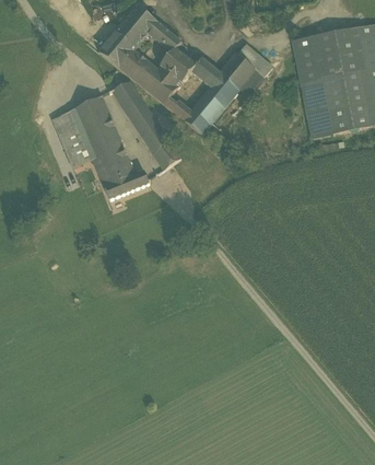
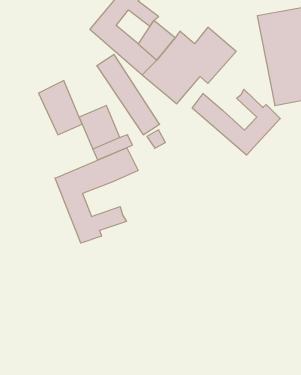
building: [73,95,121,151] -> none
building: none -> [192,89,280,155]
building: none -> [55,148,138,243]

